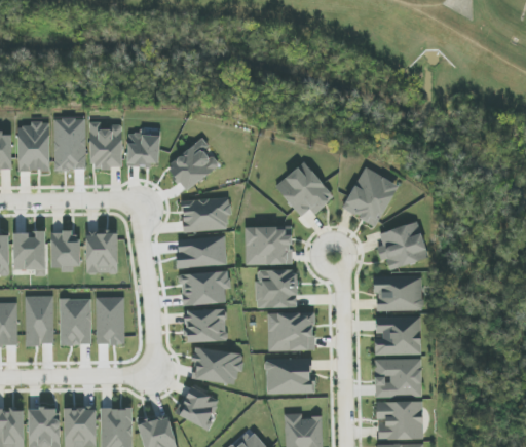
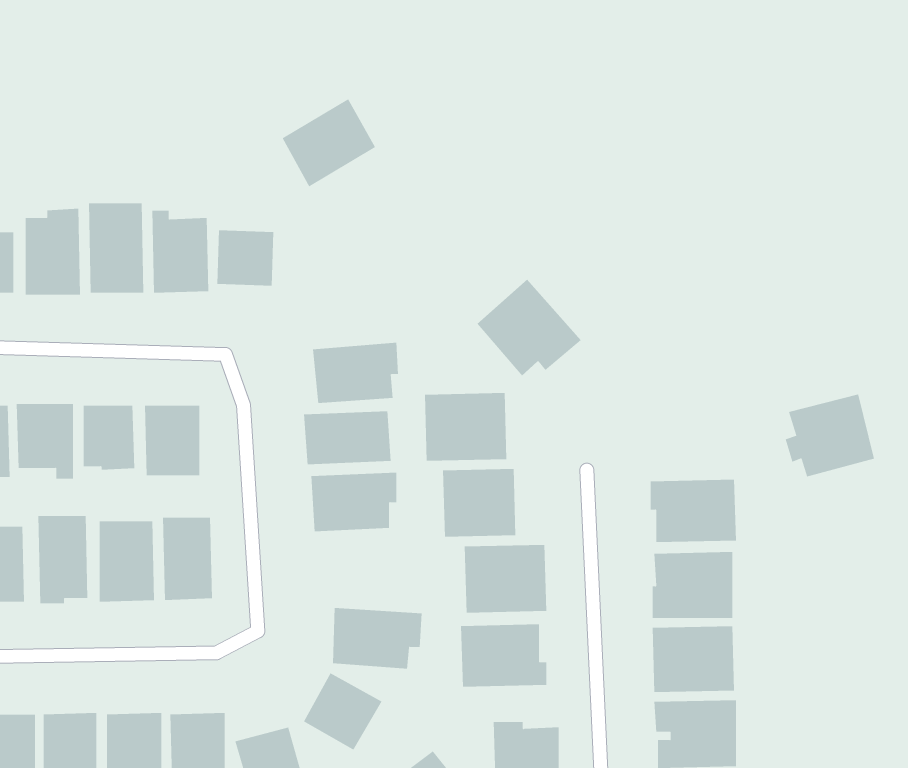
building: [166,140,220,190] -> [282,99,376,187]
building: [342,167,398,226] -> none
building: [376,222,427,269] -> [785,394,875,477]
building: [184,308,226,342] -> none

